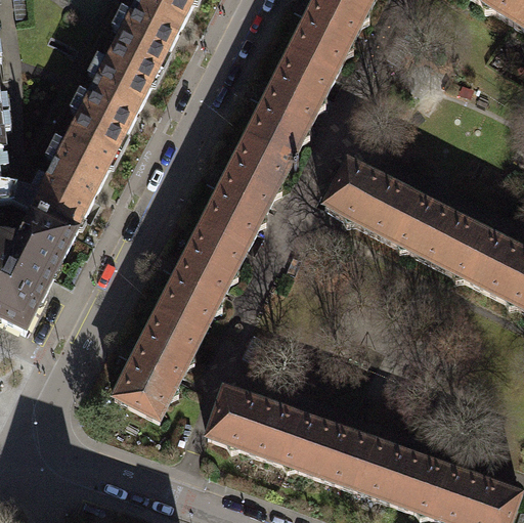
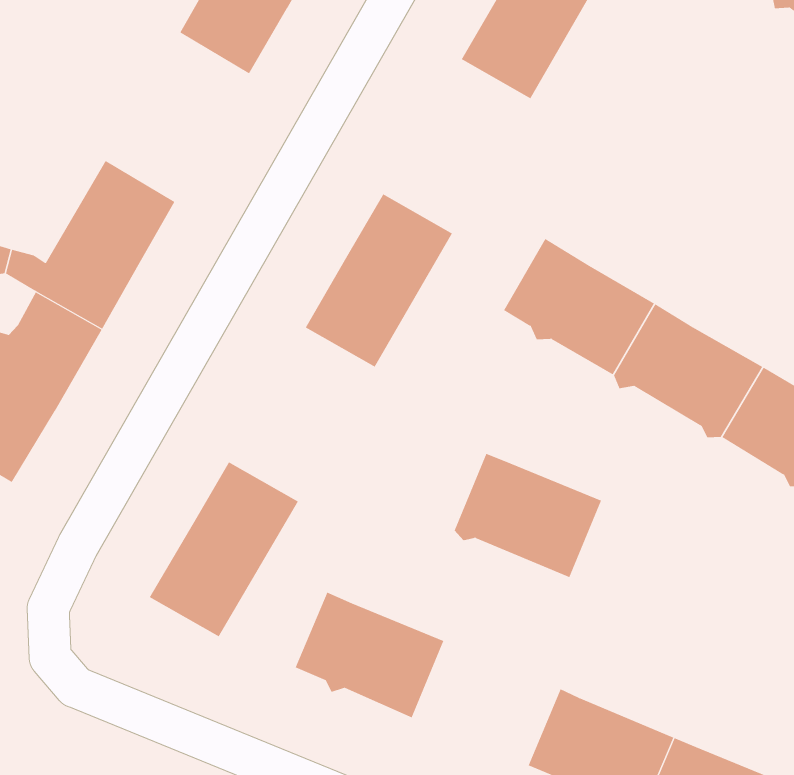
building: [72,42,159,147] -> none
building: [246,49,335,158] -> none
building: [159,221,247,330] -> none
building: [281,411,373,486] -> [454,453,602,578]

